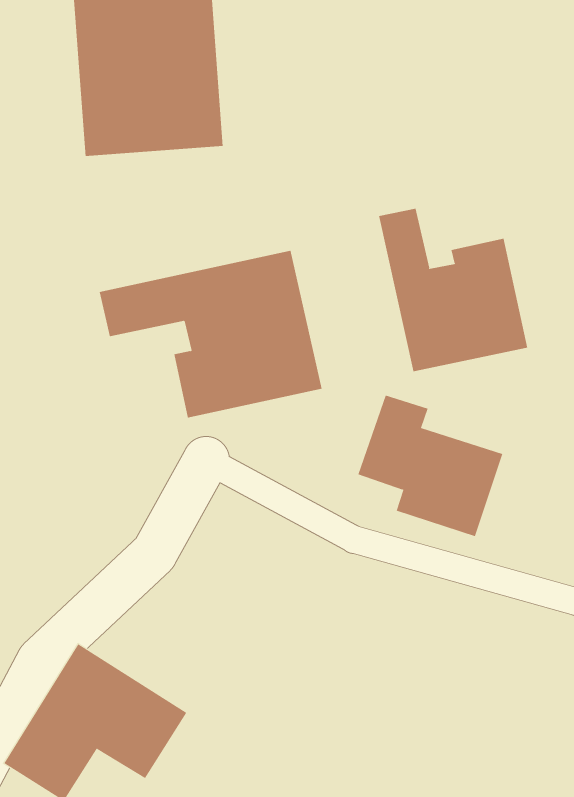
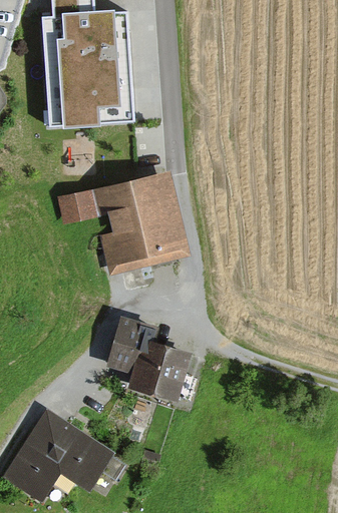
building: [379,208,528,372] -> none
building: [358,395,503,537] -> [106,315,191,397]

